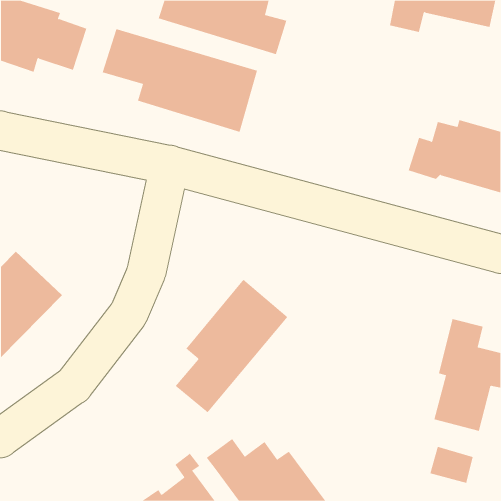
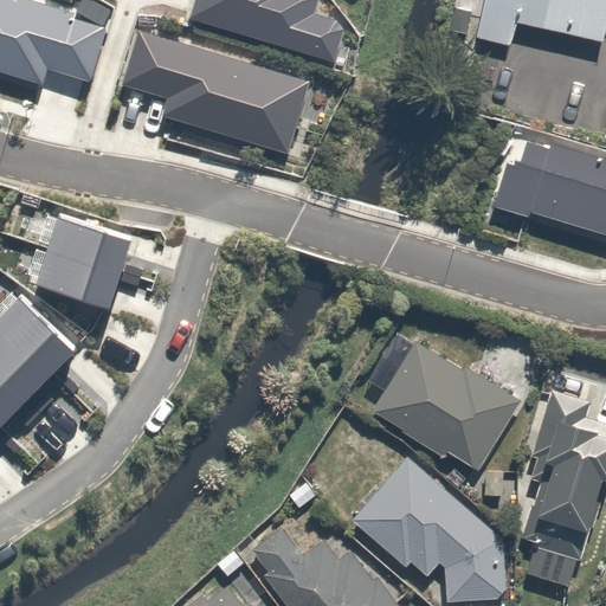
building: none -> [28,218,138,311]
building: none -> [363,330,512,466]
building: [175,279,288,413] -> none
building: none -> [346,450,498,594]

